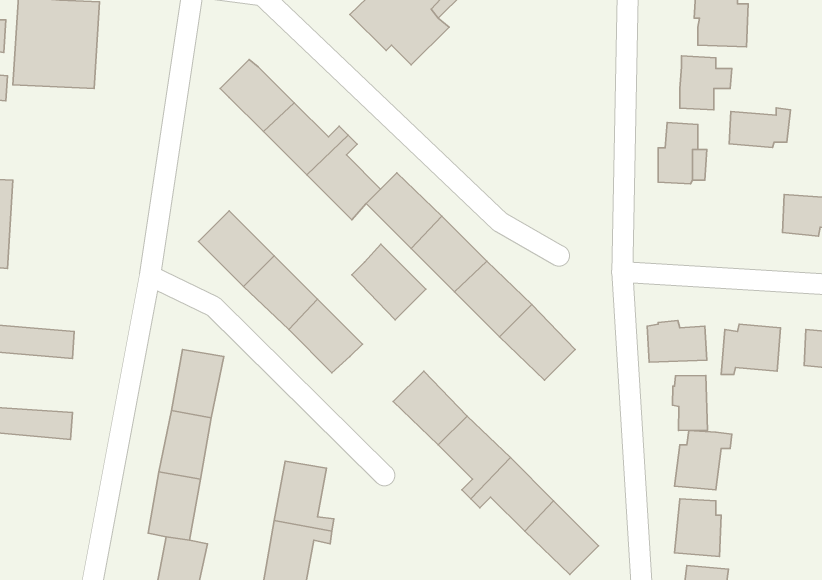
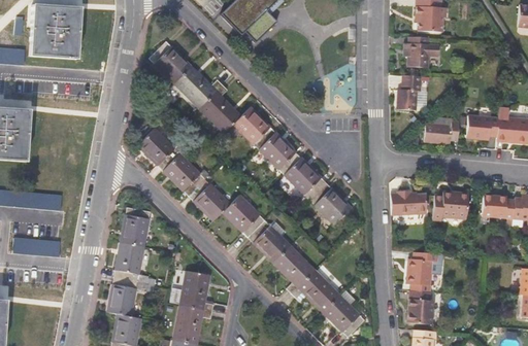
building: [729,108,790,148] -> [426,120,461,143]
building: [352,244,426,320] -> [221,192,263,235]
building: [672,375,708,431] -> none

